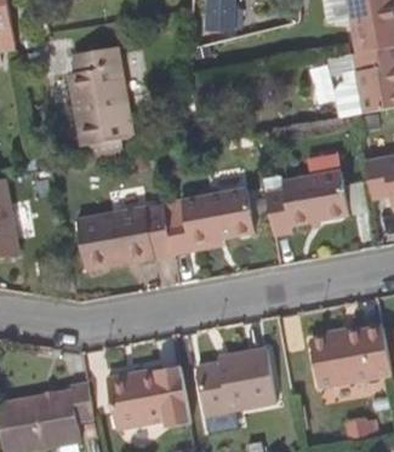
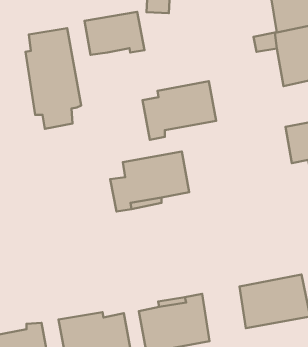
building: none -> [84,12,145,55]
building: [264,170,348,236] -> [142,81,216,140]
building: [76,201,172,273] -> none

